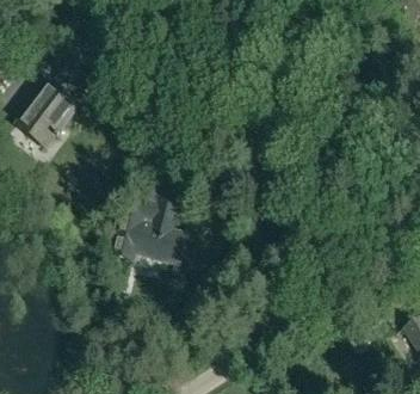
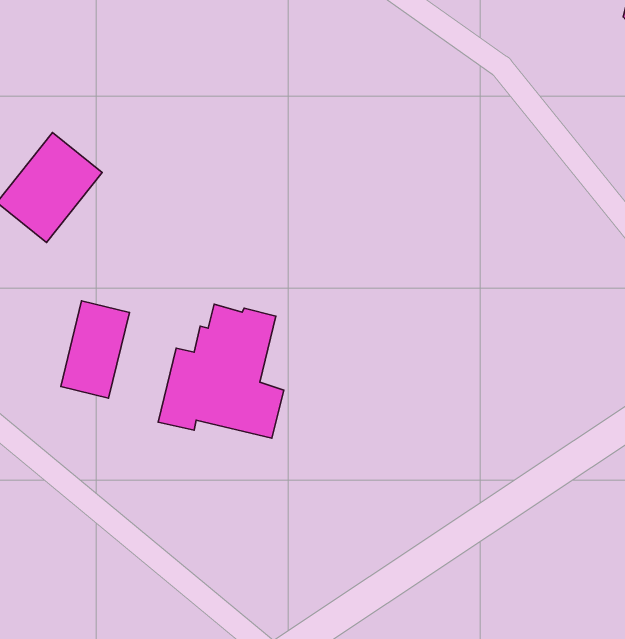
building: none -> [61,301,130,398]

